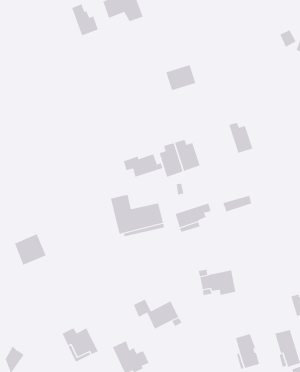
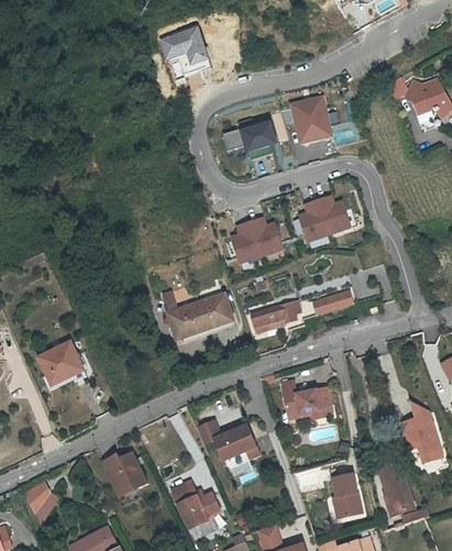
building: [71,4,99,36] -> none
building: none -> [289,95,334,146]
building: none -> [298,198,332,244]
building: [123,153,163,177] -> none

